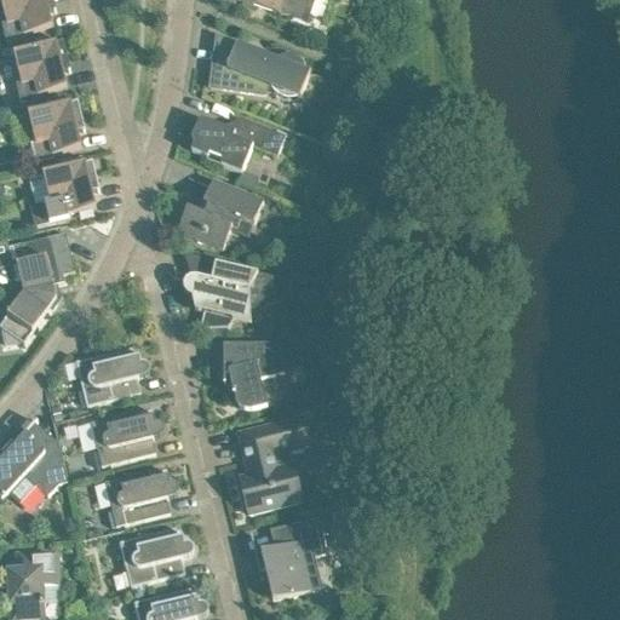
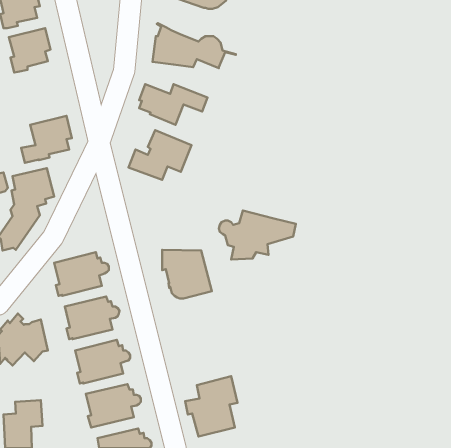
building: [27,99,84,160] -> none
building: [182,259,287,326] -> [219,211,296,259]
building: [236,413,312,512] -> none

